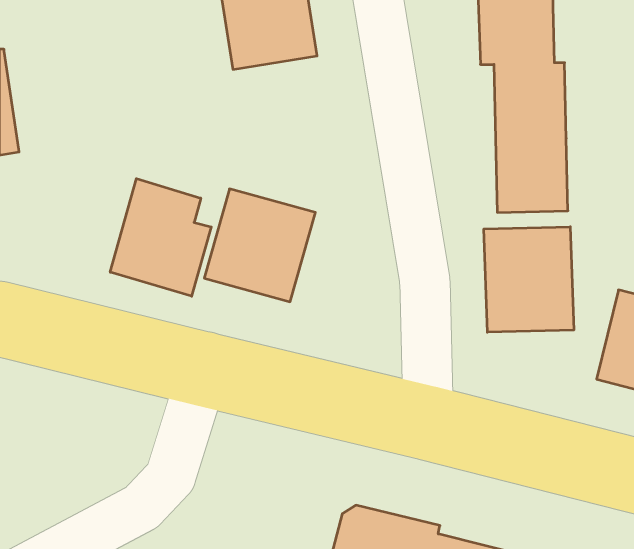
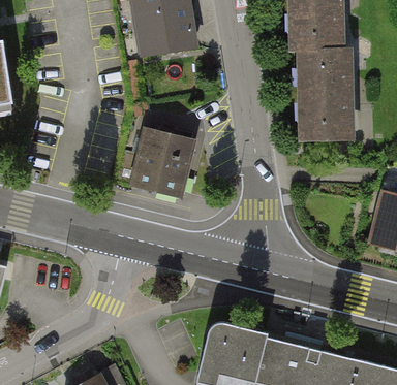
building: [110,179,211,296] -> none
building: [484,227,574,332] -> none

